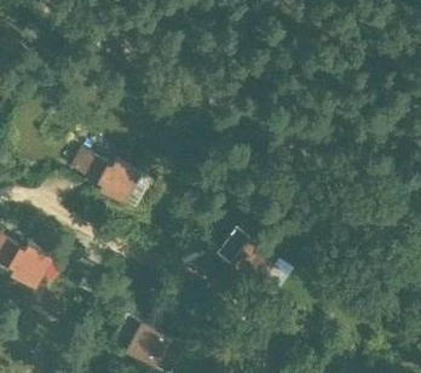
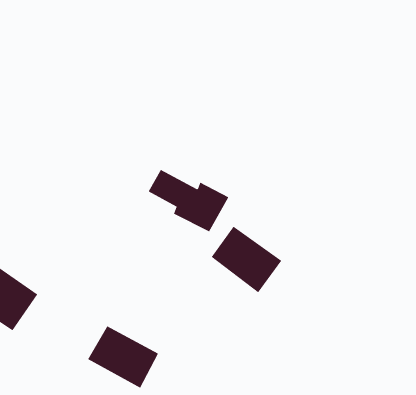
building: [70,145,140,200] -> [148,169,229,232]

